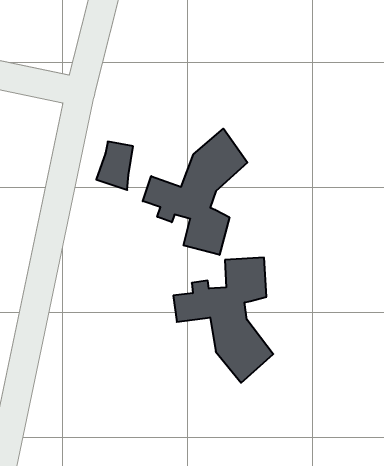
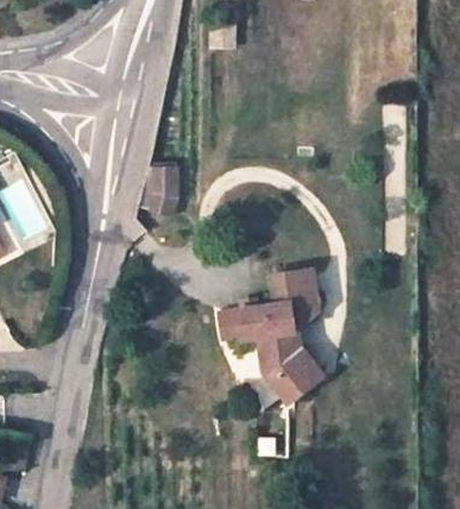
building: [143,129,247,255] -> none

